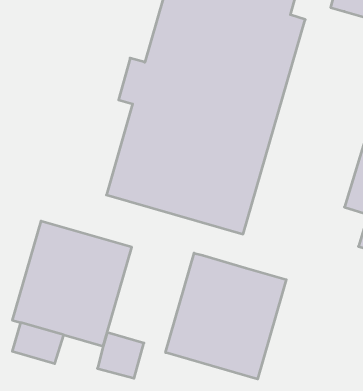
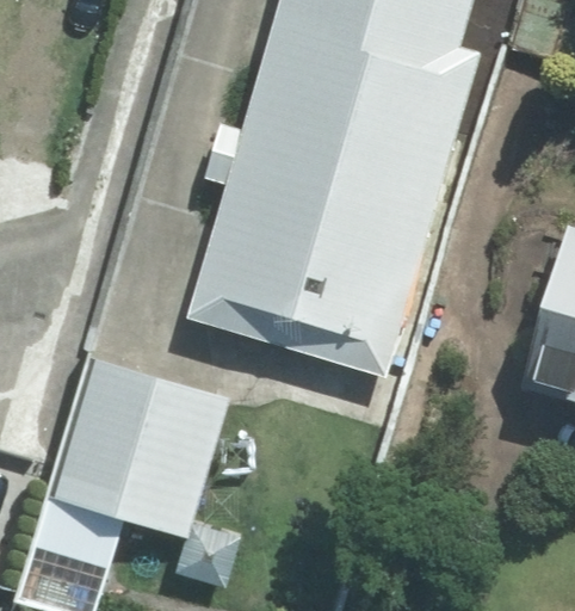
building: [166,253,286,379] -> none

